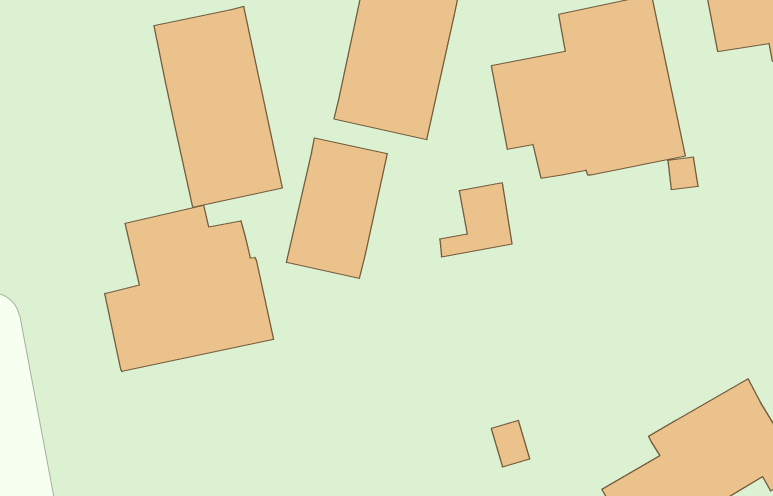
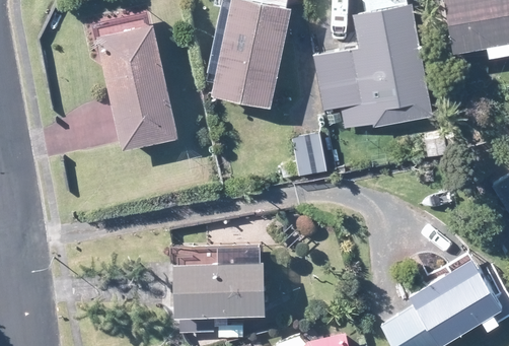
building: [287,138,387,278] -> none
building: [105,205,274,372] -> none
building: none -> [175,259,266,323]

